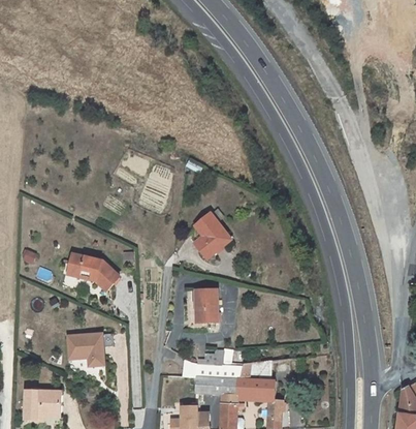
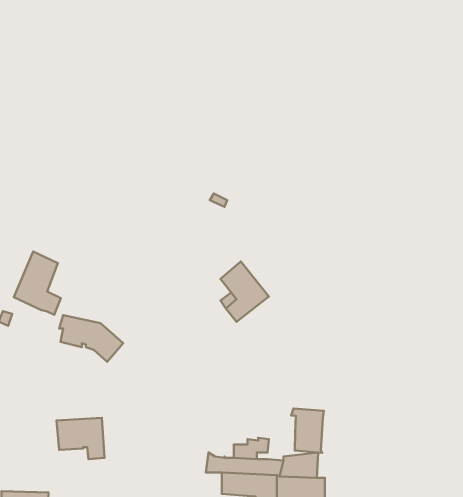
building: none -> [14,252,61,315]
building: [195,289,217,321] -> none
building: none -> [291,409,324,453]

